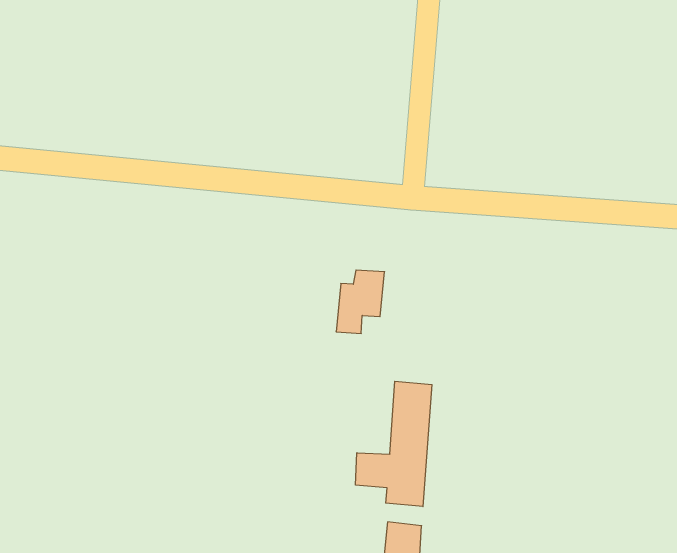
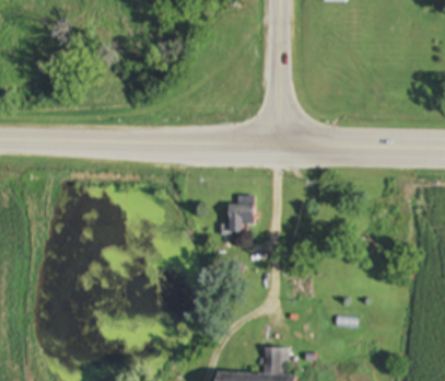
building: [356,381,432,507] -> none

